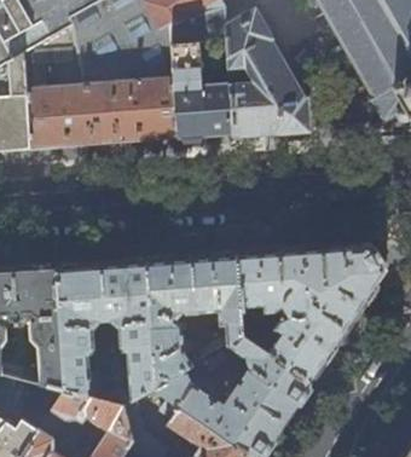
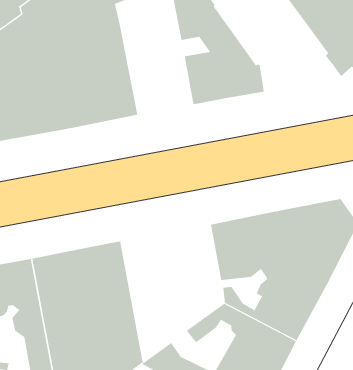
building: [172,45,235,139] -> none
building: [147,256,243,386] -> none

